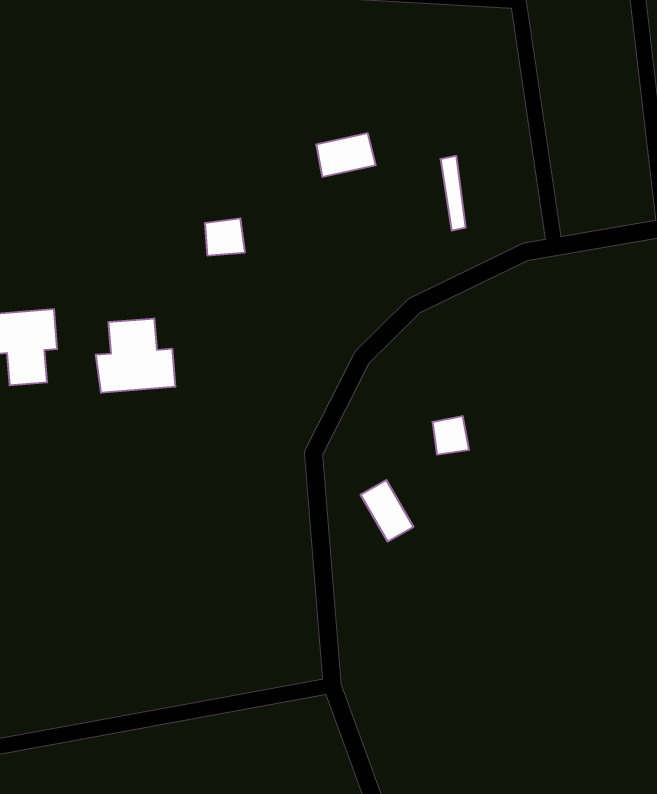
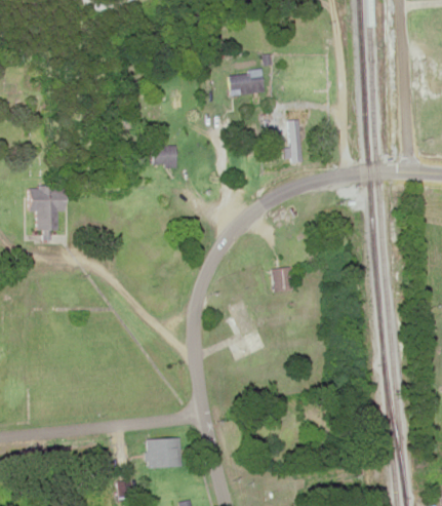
building: [316,133,376,177] -> [232,72,265,94]
building: [96,318,175,393] -> none
building: none -> [149,438,179,466]

